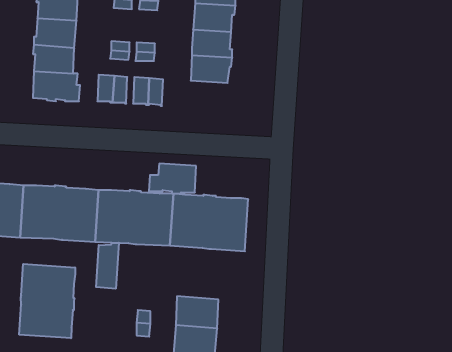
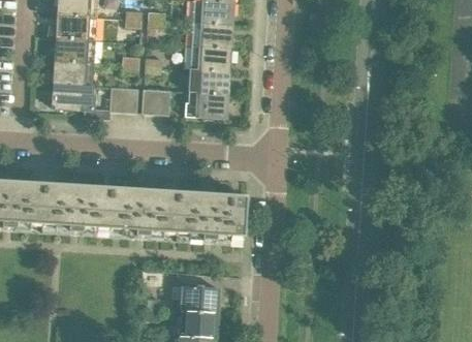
building: [149,164,196,194] -> [184,90,226,117]
building: [96,243,119,289] -> none
building: [19,264,75,338] -> none

